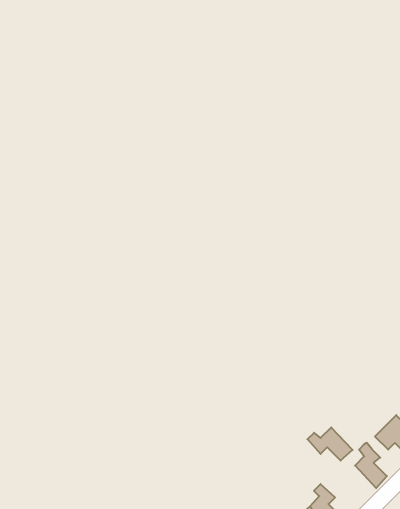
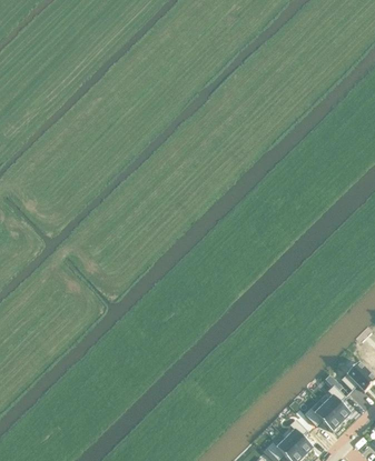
building: [307,427,353,461] -> [304,404,342,432]

